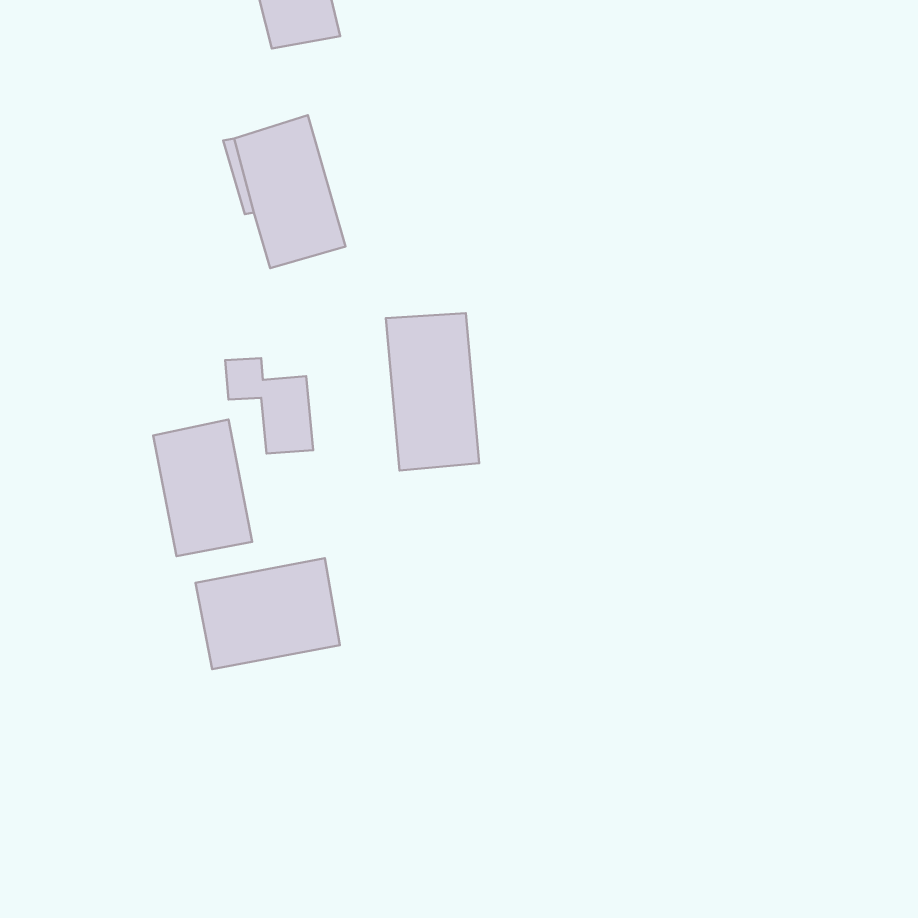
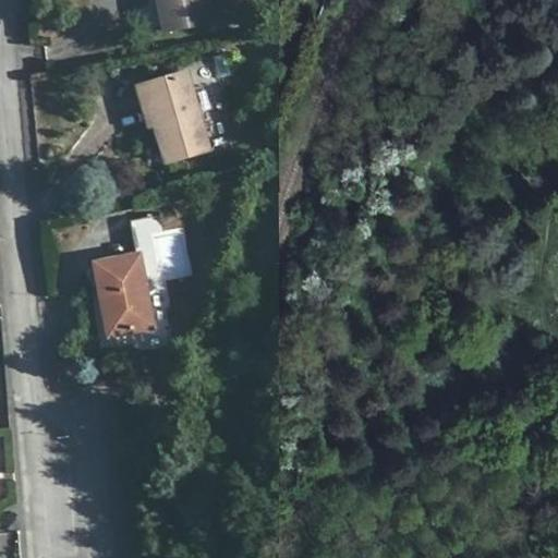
building: [386,313,479,471] -> none
building: [195,558,340,669] -> none

